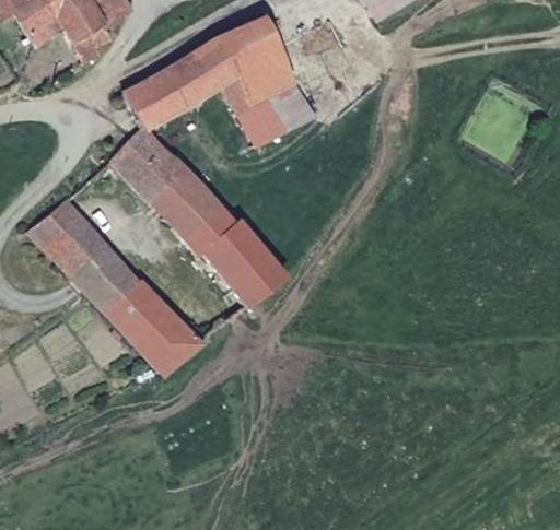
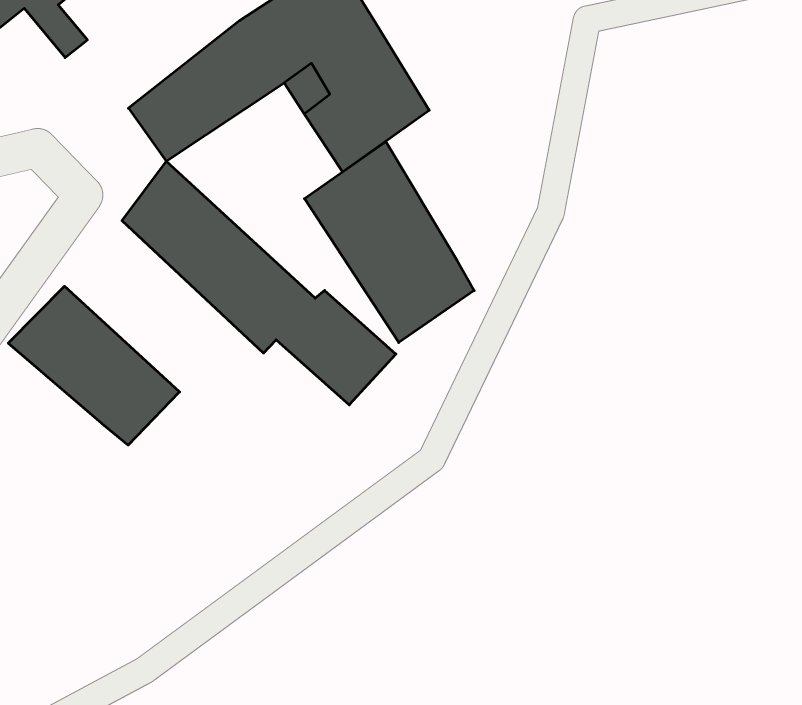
building: none -> [304,141,474,343]
building: [103,278,194,363] -> none

